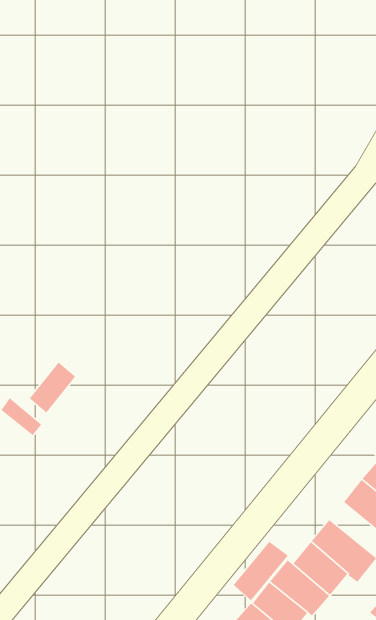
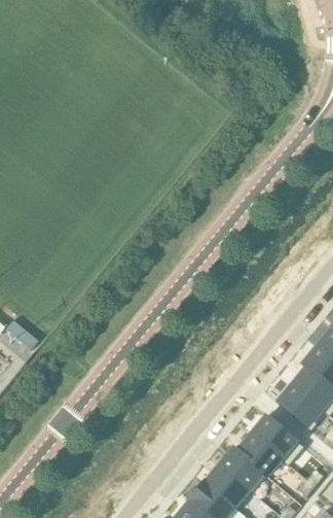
building: [29,362,76,413] -> none
building: [233,541,289,601] -> none

